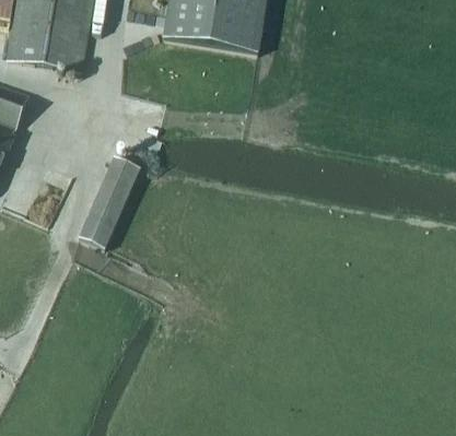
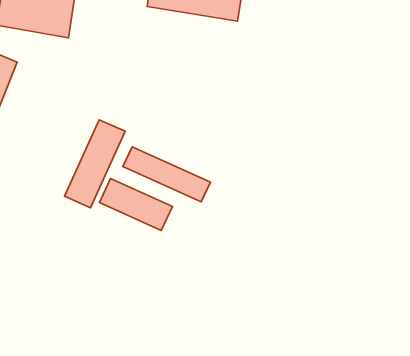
building: none -> [123,147,211,202]
building: none -> [99,178,173,231]

